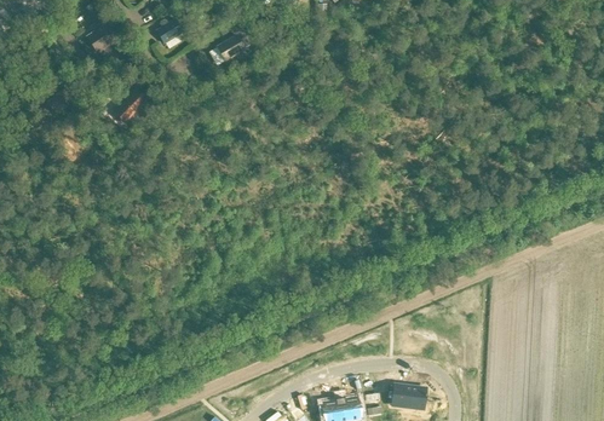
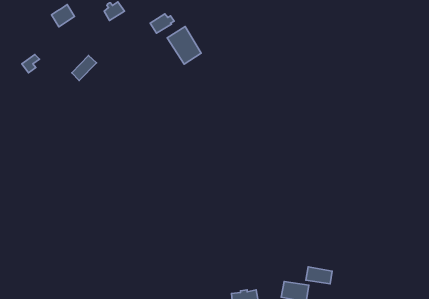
building: none -> [167,26,201,64]
building: none -> [306,267,332,284]

